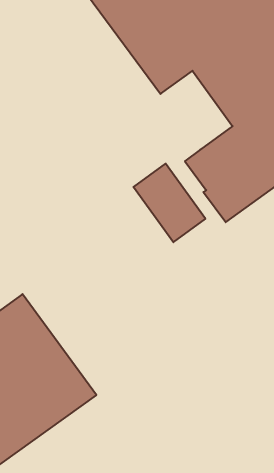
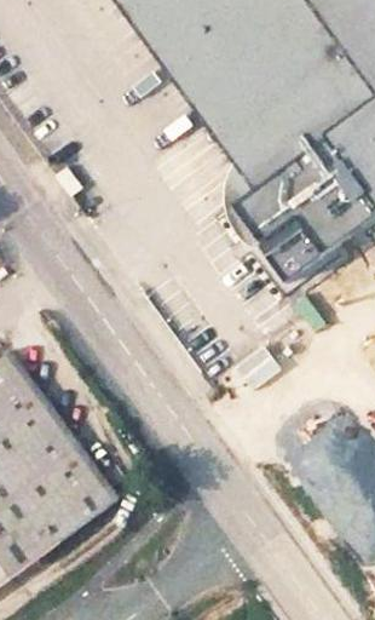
building: [133,164,205,242] -> [202,92,292,190]

